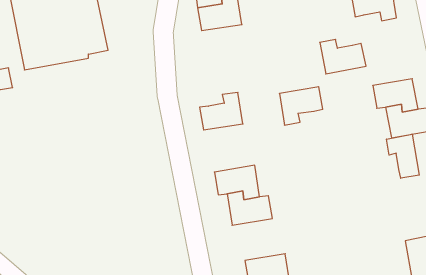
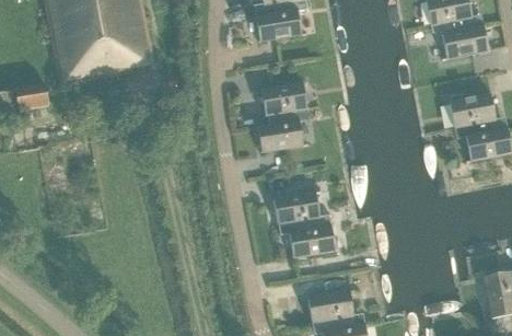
building: [320,39,366,74] -> [438,20,489,58]
building: [279,87,323,125] -> [259,82,307,125]
building: [387,134,419,178] -> none

